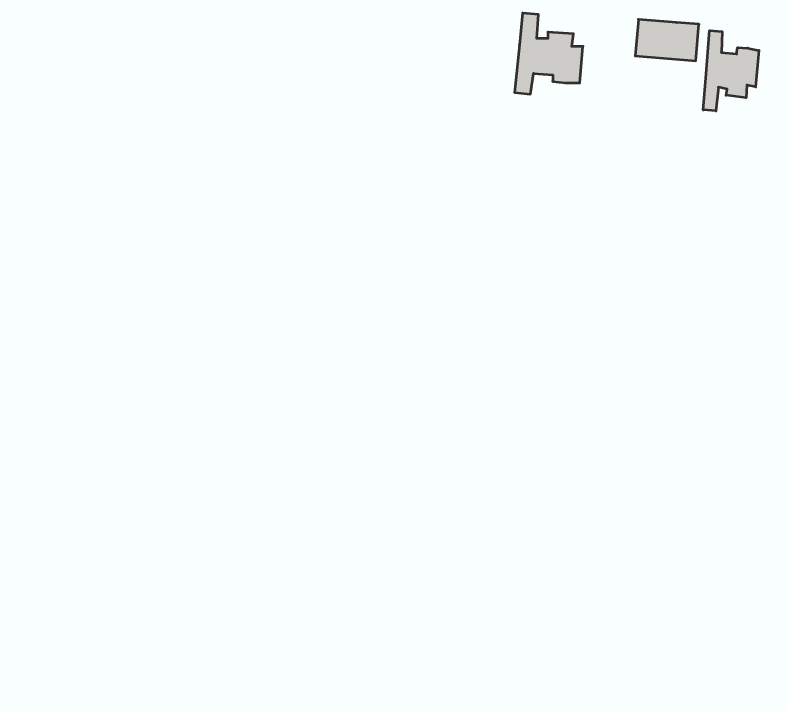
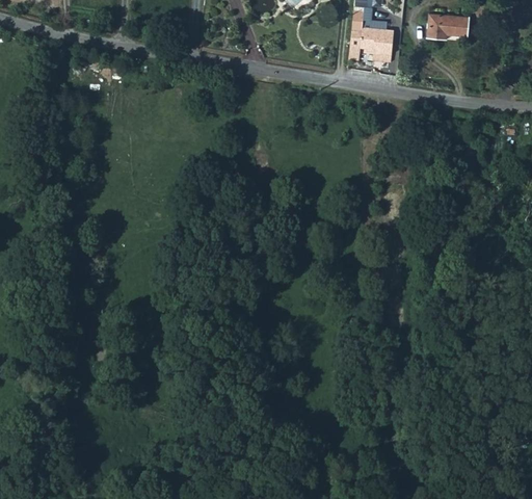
building: [703,31,759,111] -> none

